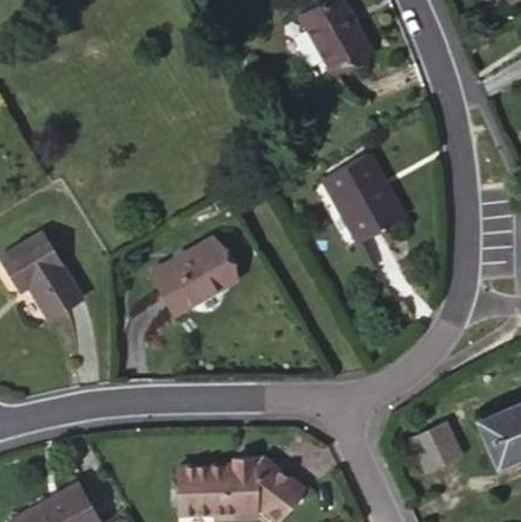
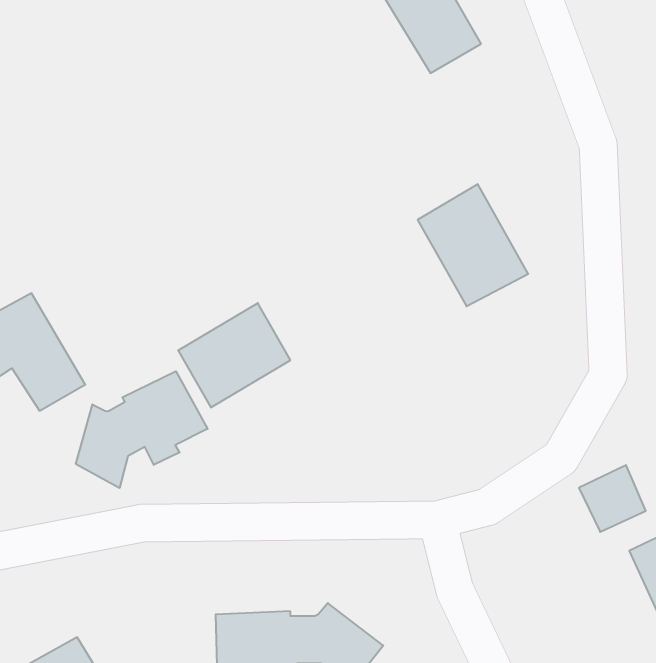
building: none -> [76,371,208,488]
building: [411,422,459,471] -> [579,465,646,532]

